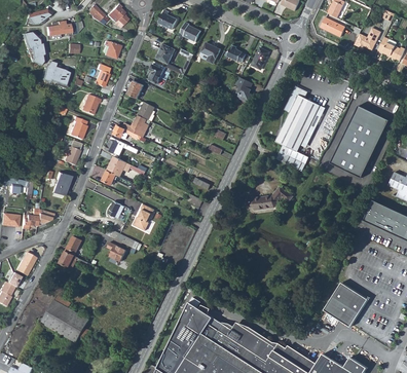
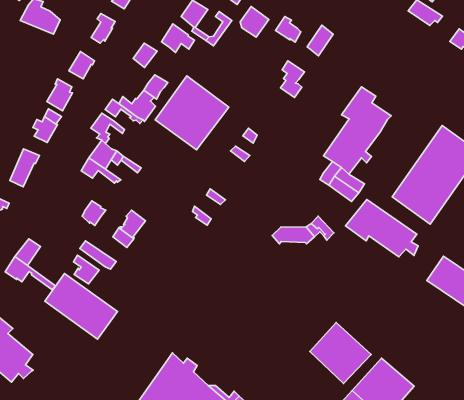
building: none -> [155,76,229,150]
building: none -> [346,199,418,257]
building: none -> [45,273,117,339]
building: none -> [310,323,371,384]

